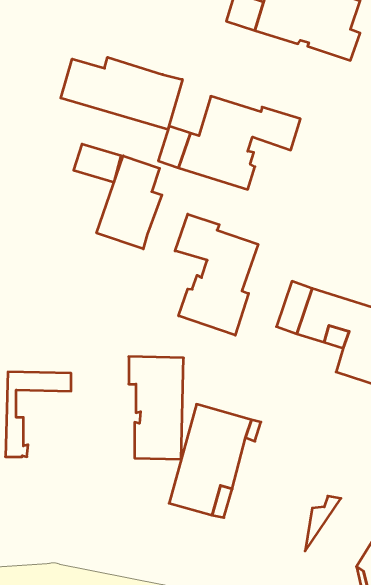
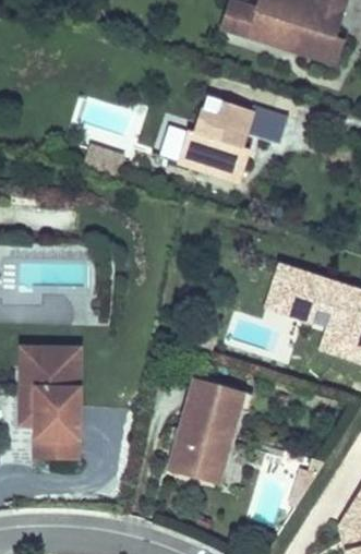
building: [61,57,182,130] -> none
building: [97,156,162,249] -> none
building: [175,214,258,335] -> none
building: [129,357,184,459] -> [28,364,79,458]

